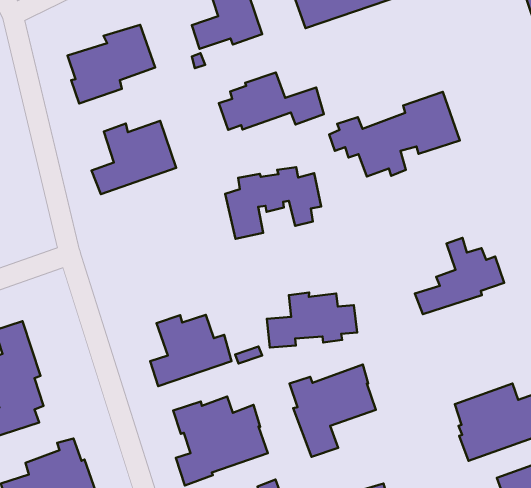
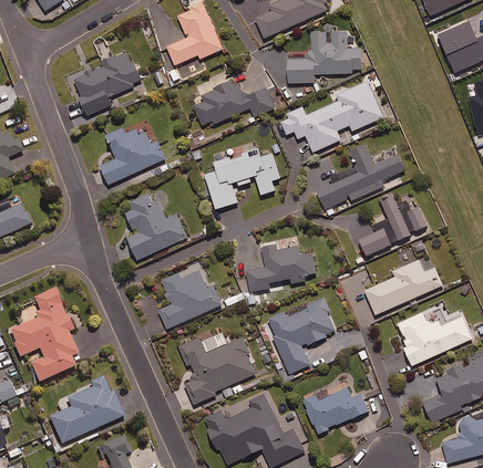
building: none -> [286,31,360,83]
building: none -> [316,145,404,208]
building: none -> [124,193,186,259]
building: none -> [363,259,442,314]

